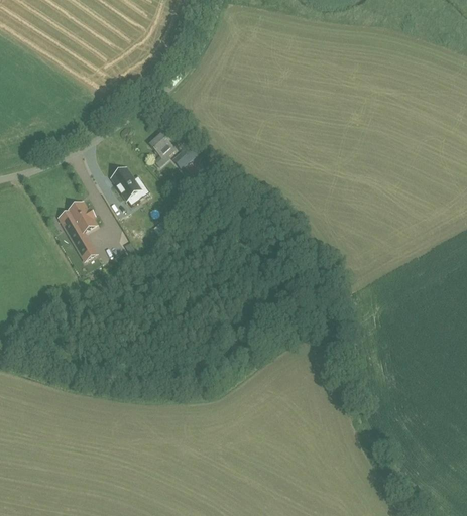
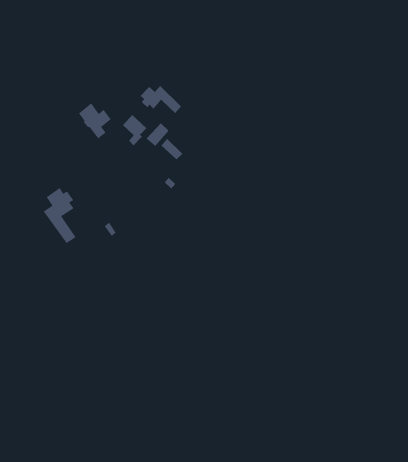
building: none -> [139,85,182,114]
building: [111,166,144,204] -> [78,103,112,139]

